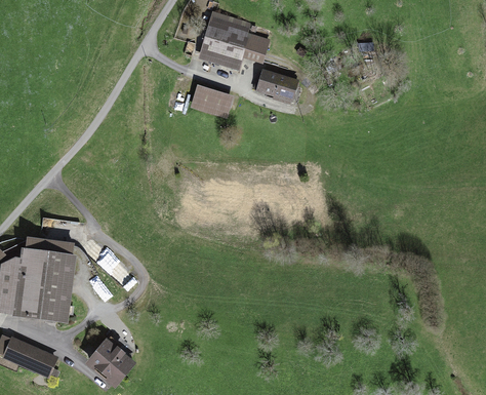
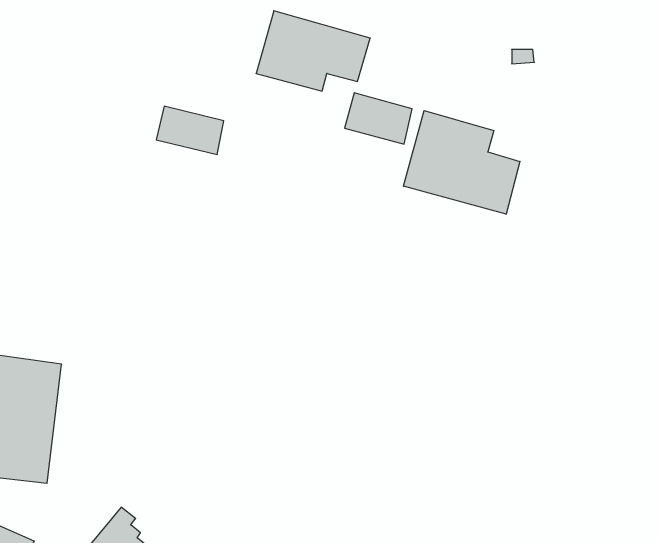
building: none -> [403,111,520,214]
building: [189,85,232,116] -> [156,106,224,154]

